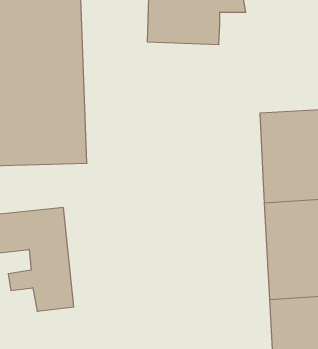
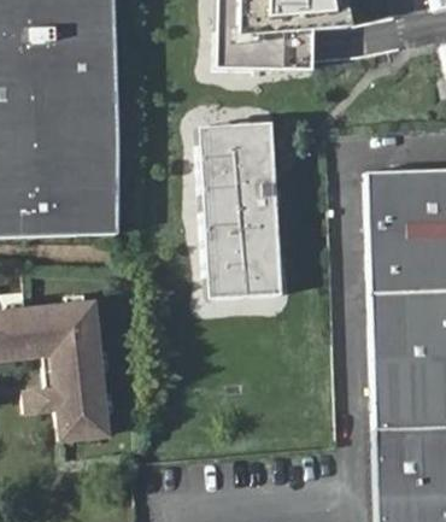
building: none -> [199,121,275,293]

